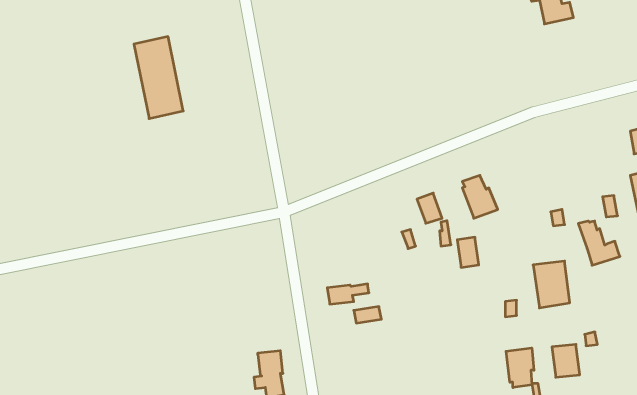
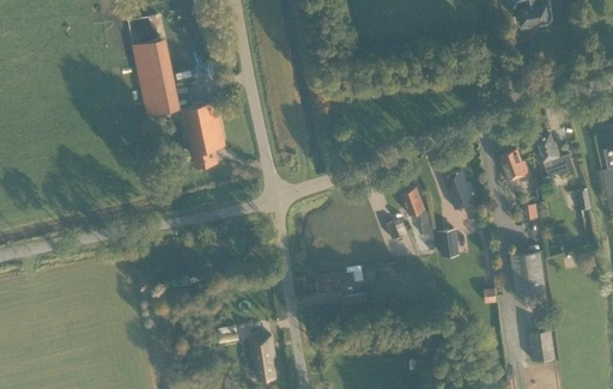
building: none -> [181,103,226,169]
building: none -> [500,151,528,182]
building: [578,221,620,265] -> [535,136,575,178]
building: [506,348,534,388] -> none

